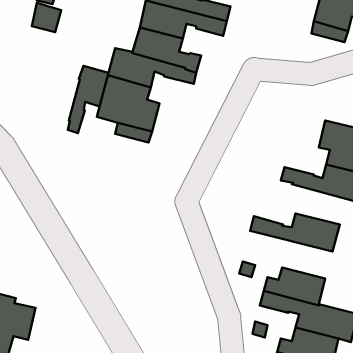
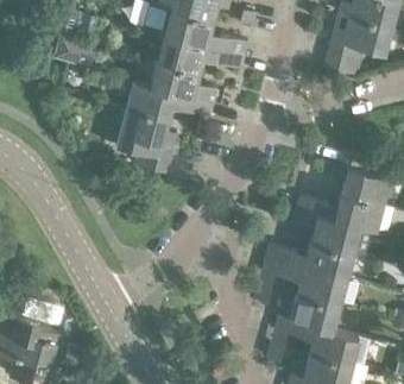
building: [68,66,108,133] -> none
building: none -> [290,209,358,252]
building: none -> [261,258,345,304]

